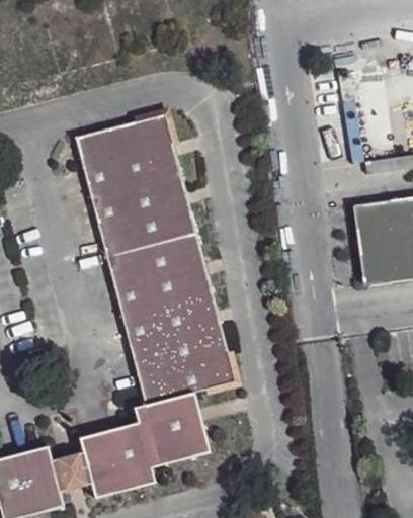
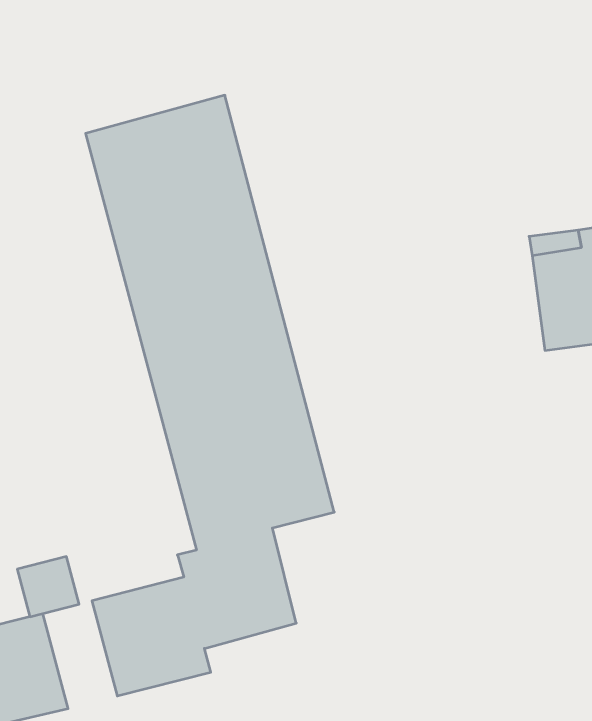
building: [51,453,90,492] -> [17,557,79,617]

